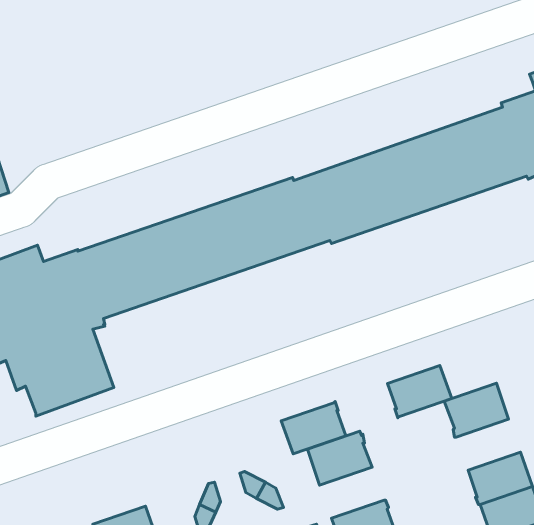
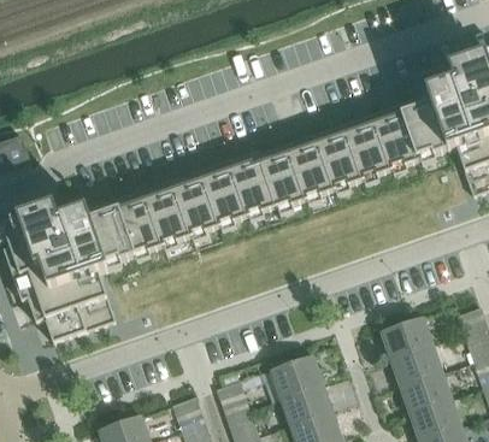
building: [387,365,452,418] -> [389,344,441,387]
building: [281,401,346,454] -> [279,382,331,424]

